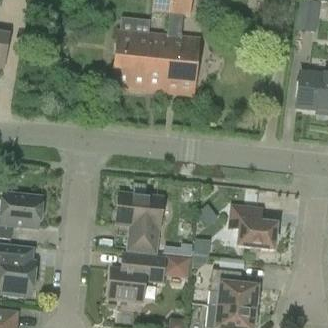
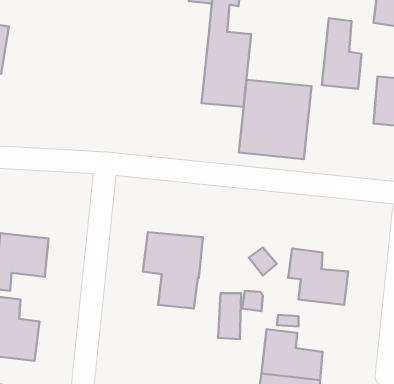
building: none -> [322,18,361,89]
building: [111,29,168,91] -> [239,80,311,159]
building: [108,252,165,301] -> none

